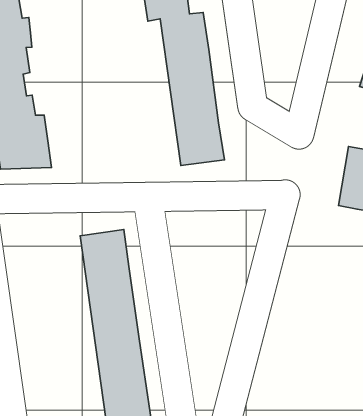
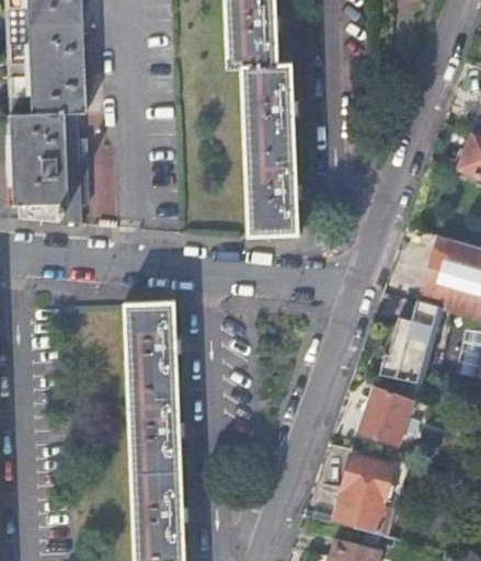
building: none -> [380,301,443,383]
building: none -> [359,387,413,446]
building: none -> [312,456,392,531]

